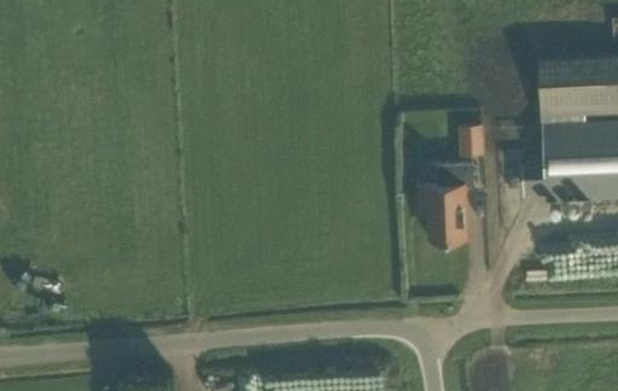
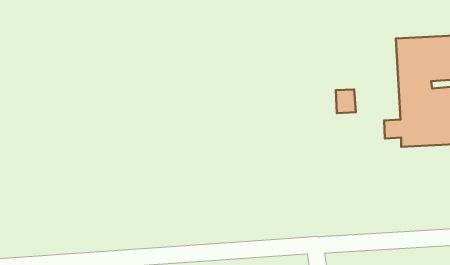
building: [419,167,476,243] -> none

